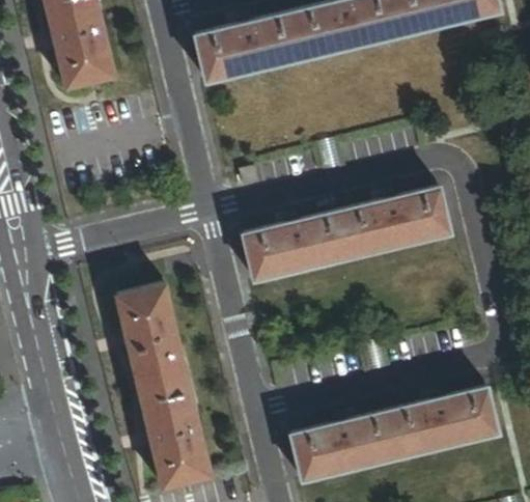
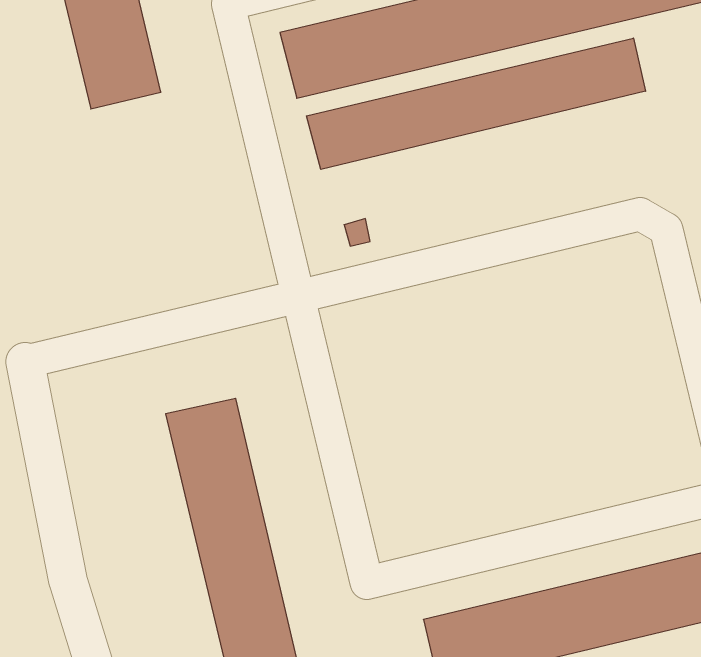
building: none -> [306,38,646,169]
building: [242,189,448,280] -> none

